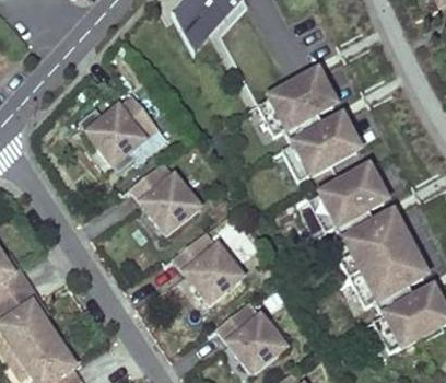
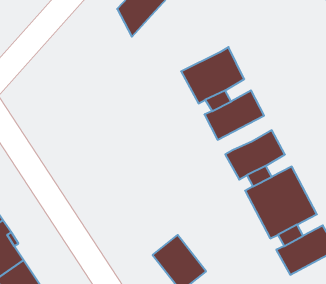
building: [81,95,161,170] -> none
building: [132,161,201,232] -> none
building: [176,231,244,302] -> none

